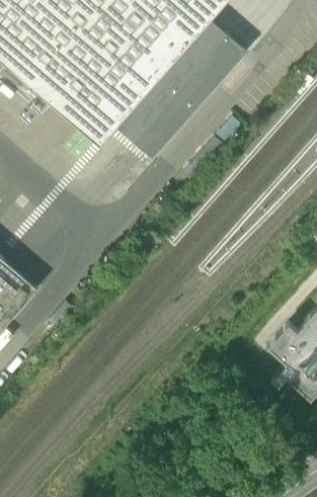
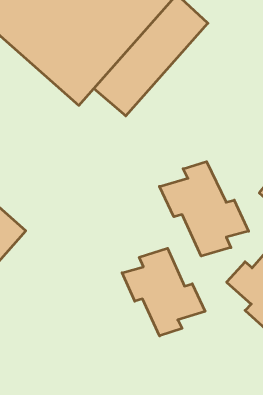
building: none -> [159,162,249,256]
building: none -> [122,248,205,336]

